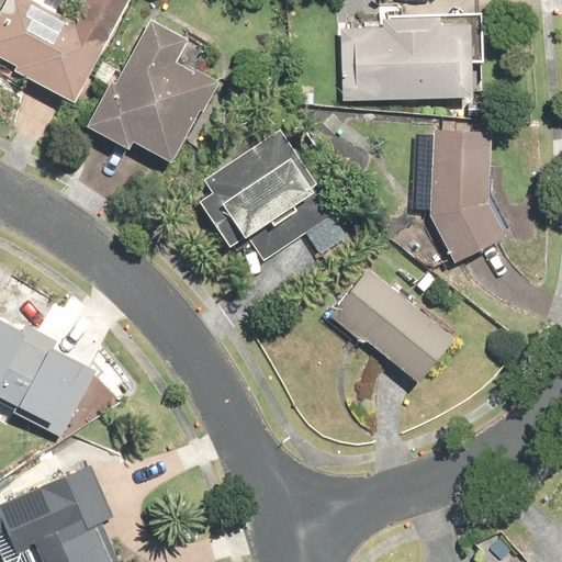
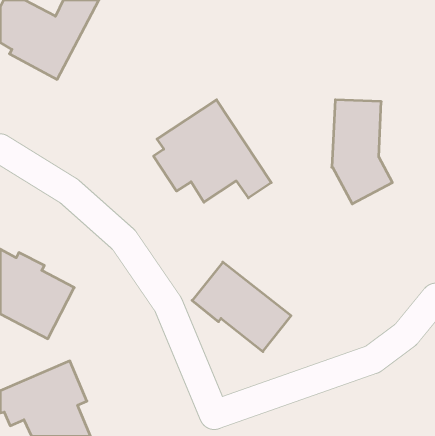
building: [338,15,473,101] -> none
building: [85,16,220,161] -> none
building: [328,267,456,382] -> [192,262,291,352]

